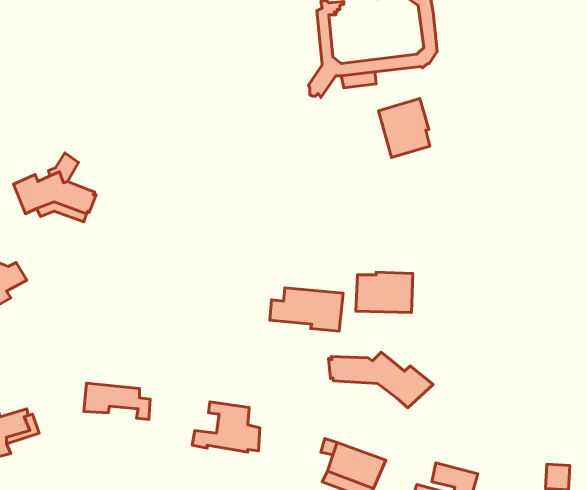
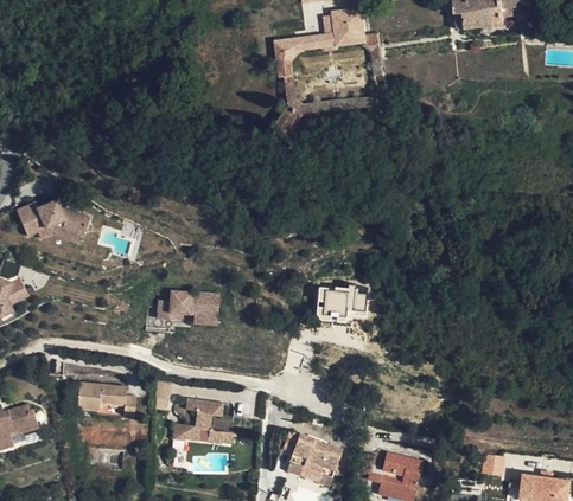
building: [378,99,430,158] -> none
building: [270,288,343,331] -> [155,289,219,327]
building: [329,352,433,408] -> none

